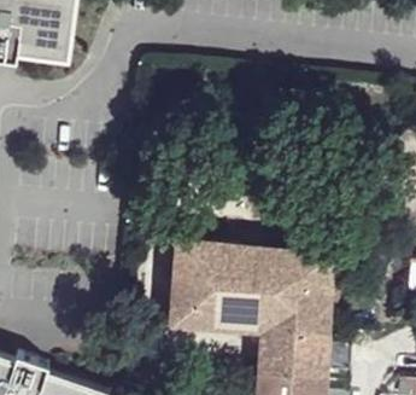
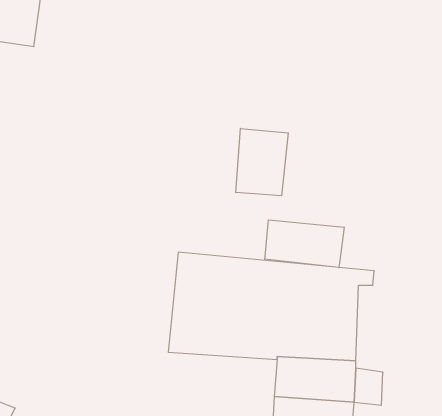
building: none -> [236,128,288,196]
building: none -> [265,220,344,268]

